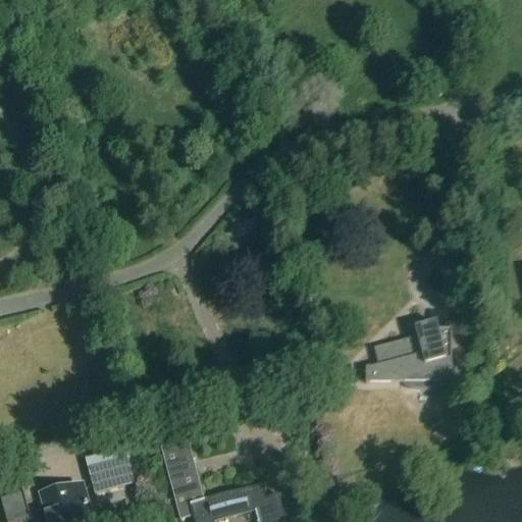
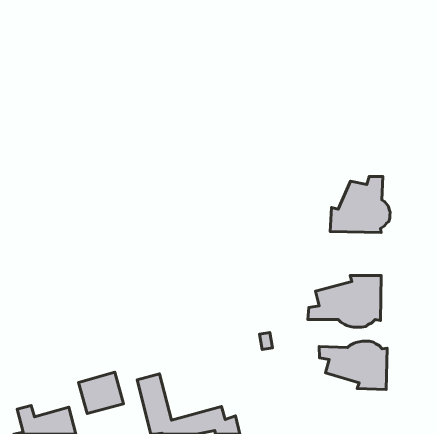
building: none -> [330,176,390,233]
building: none -> [319,341,387,390]

